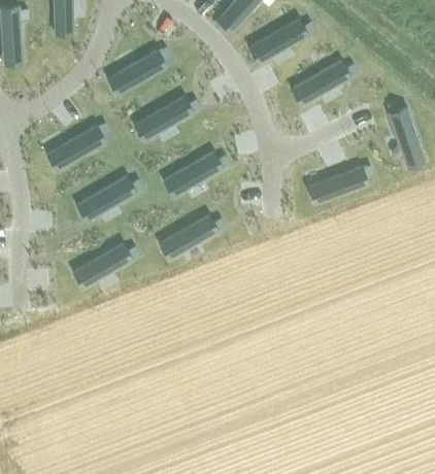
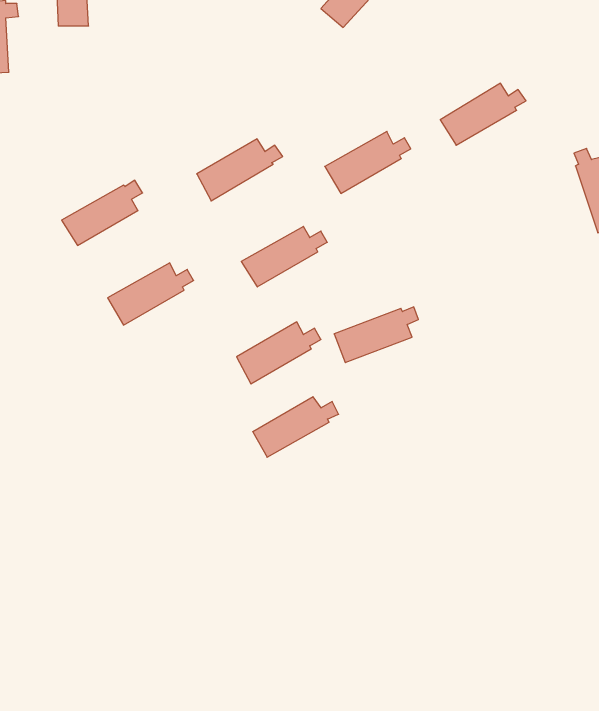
building: [256,19,311,59] -> [325,131,411,193]
building: [114,48,167,91] -> none
building: [315,166,370,202] -> [334,307,418,363]
building: [80,244,136,283] -> [253,397,339,457]

